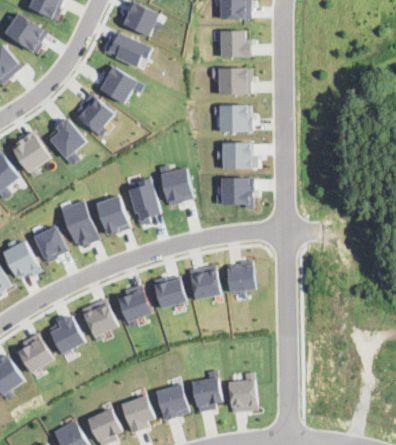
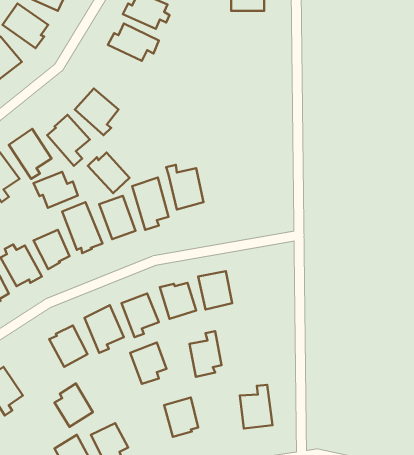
building: [219,30,250,57] -> none
building: [96,65,143,104] -> none
building: [210,68,250,94] -> none
building: [213,106,249,132] -> none
building: [216,142,256,170] -> none
building: none -> [88,153,130,193]
building: none -> [33,172,78,208]
building: [215,178,252,209] -> none
building: [226,260,255,293] -> none
building: [17,333,53,374] -> [55,383,93,427]
building: [192,370,222,413] -> [190,331,221,377]
building: [121,394,155,433] -> [130,342,166,384]

